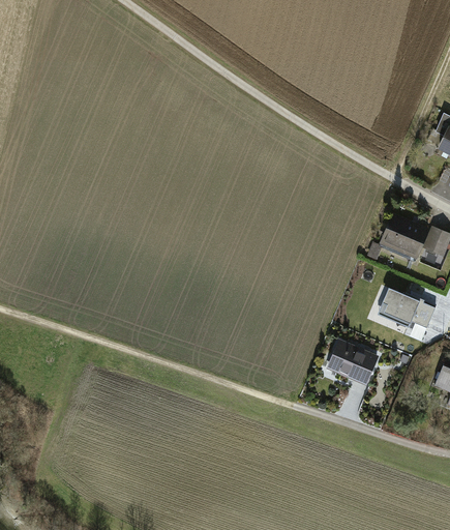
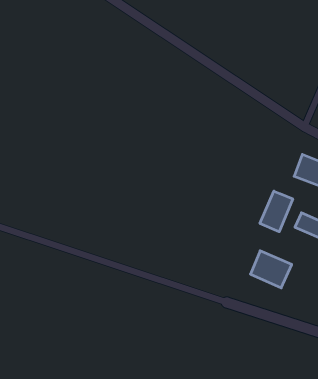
building: none -> [260,191,293,232]

